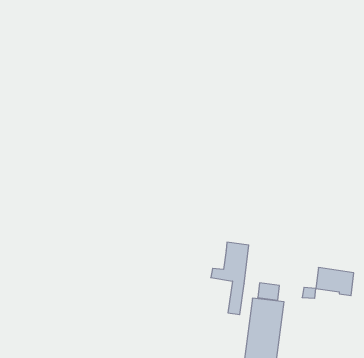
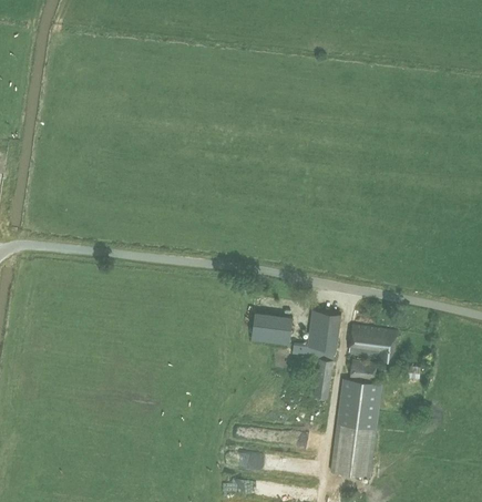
building: none -> [249,313,293,346]
building: [316,268,354,296] -> [349,326,396,360]

